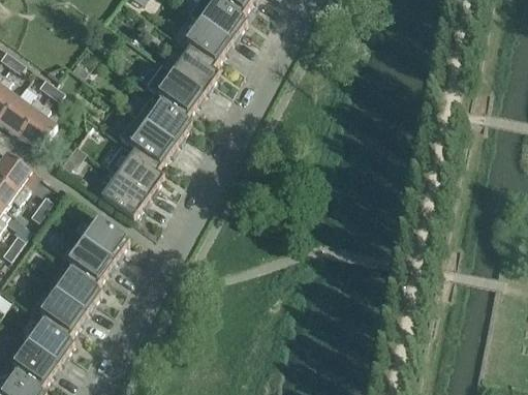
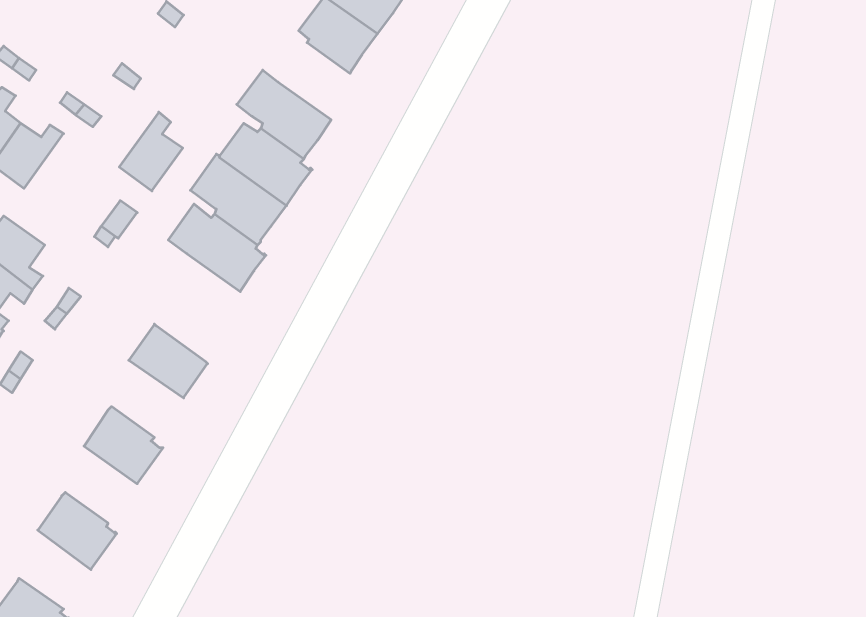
building: [169,48,217,94] -> none
building: [17,102,55,150] -> [119,112,183,191]
building: [99,175,147,218] -> none
building: [64,239,113,285] -> none
building: [37,291,85,337] -> none
building: [9,341,57,389] -> none

